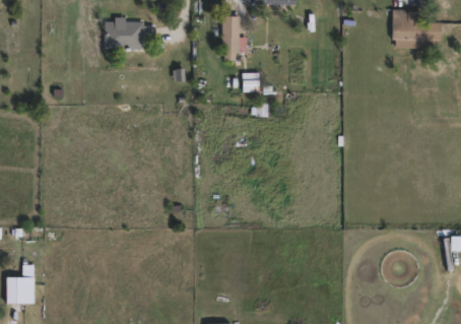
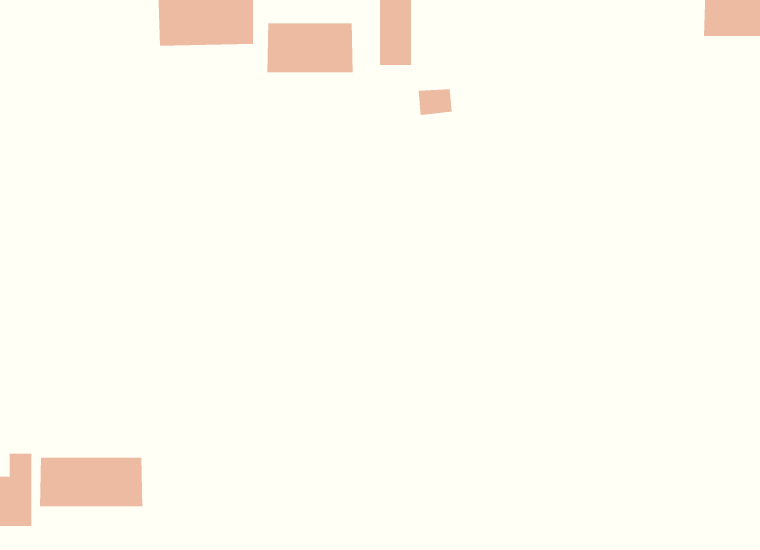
building: none -> [267,23,353,73]
building: none -> [40,457,143,507]

